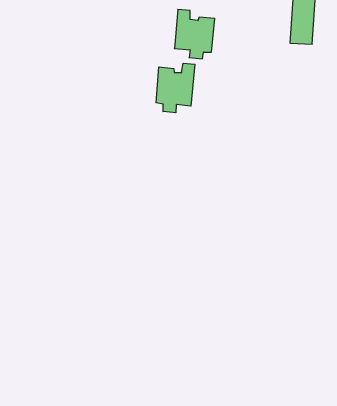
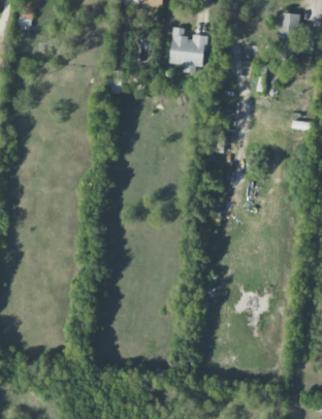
building: [156,63,195,113] -> none

